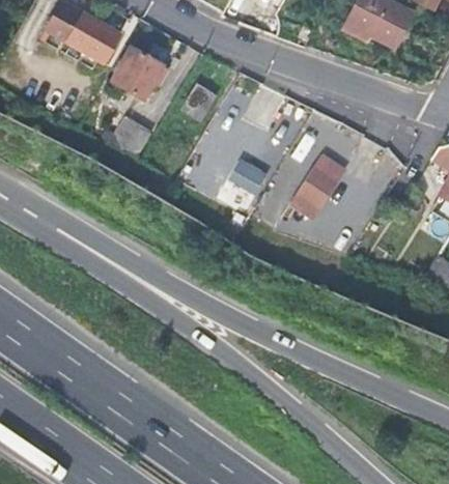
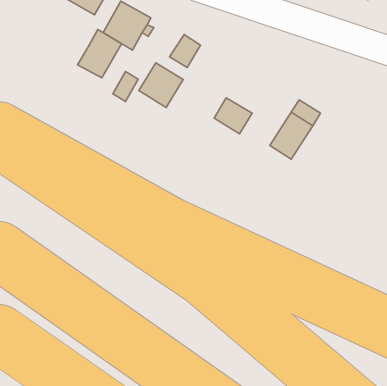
building: none -> [78,30,122,78]
building: none -> [139,63,183,107]

